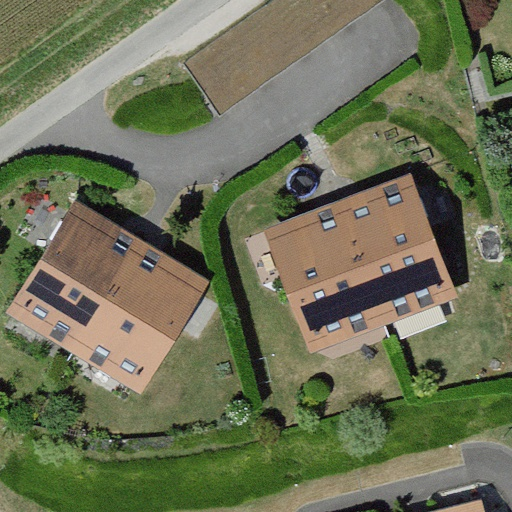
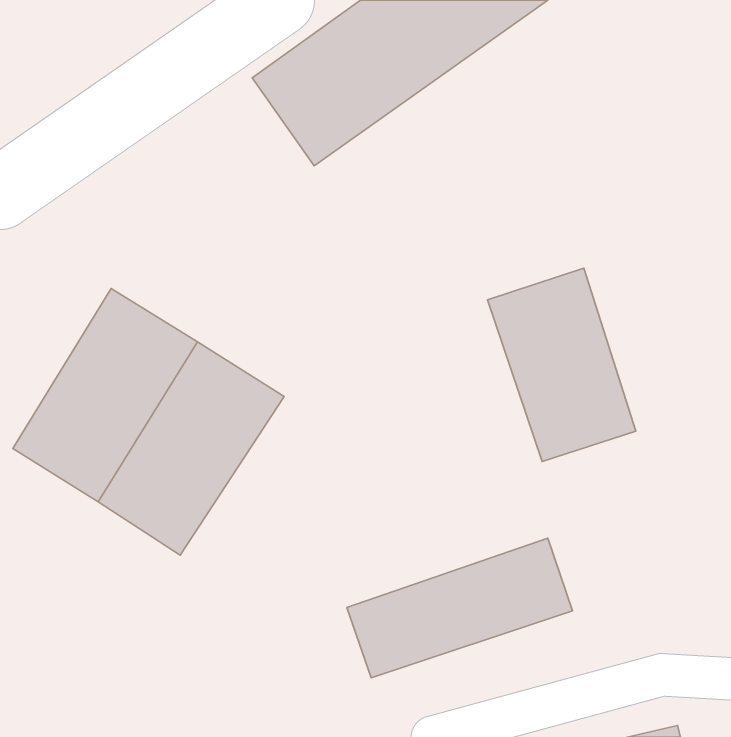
building: [276,208,380,342] -> none
building: none -> [347,538,572,678]

